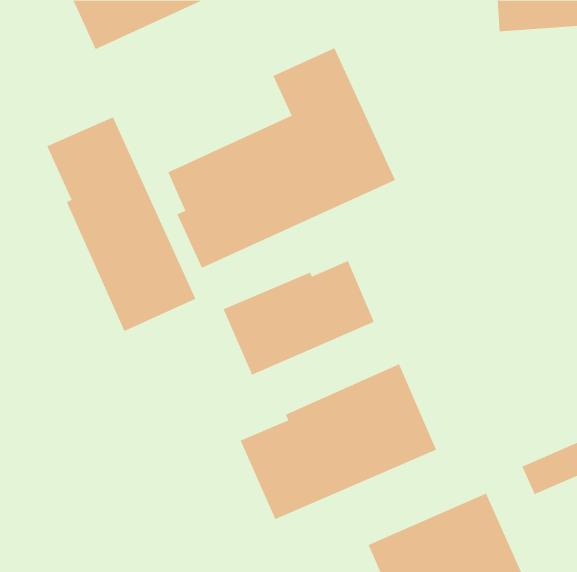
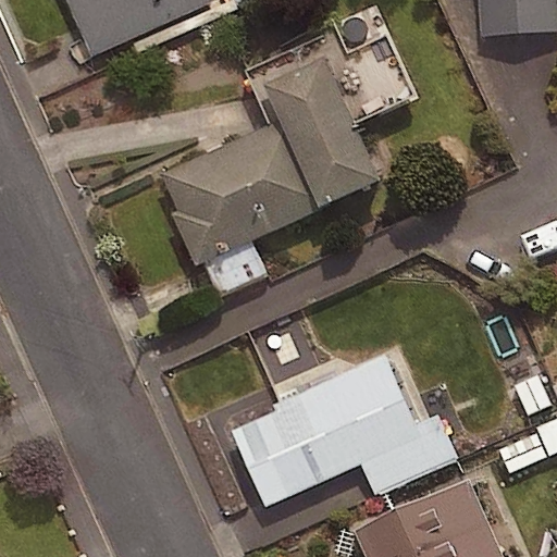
building: [46,116,196,332] -> none
building: [223,260,375,376] -> none

